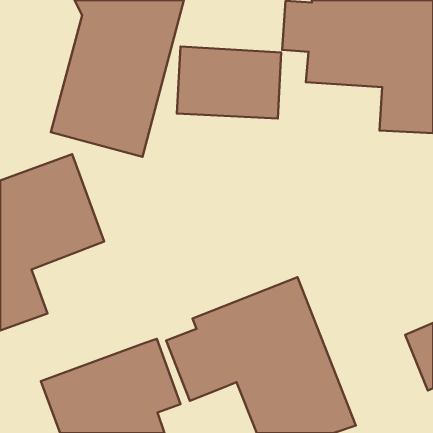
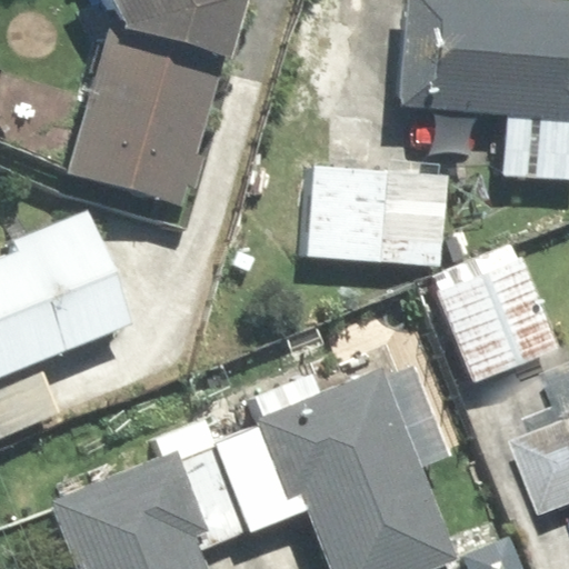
building: [177,46,281,118] -> [308,166,445,260]
building: none -> [427,238,560,381]

